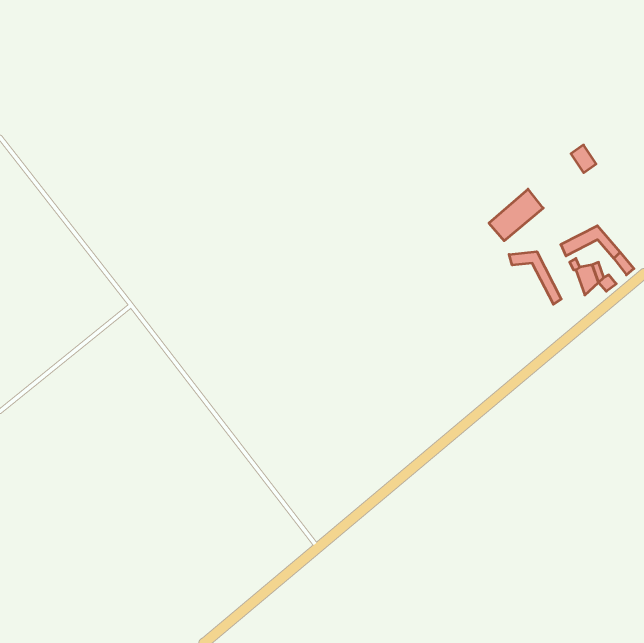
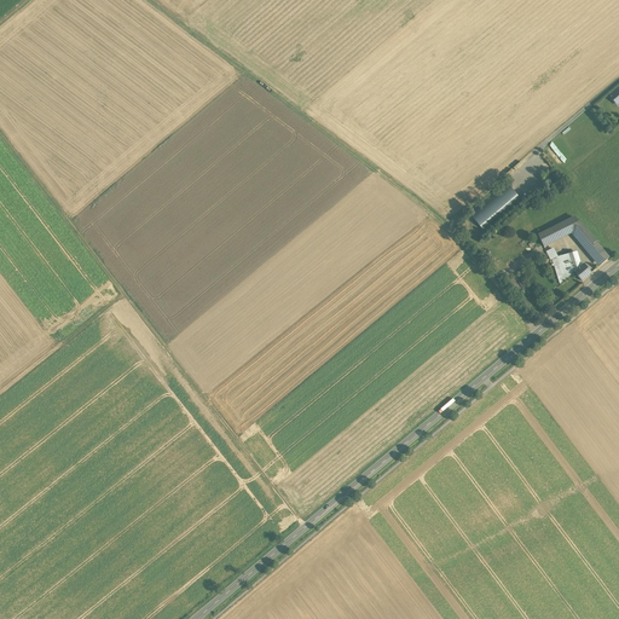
building: [509,252,561,304] -> none

